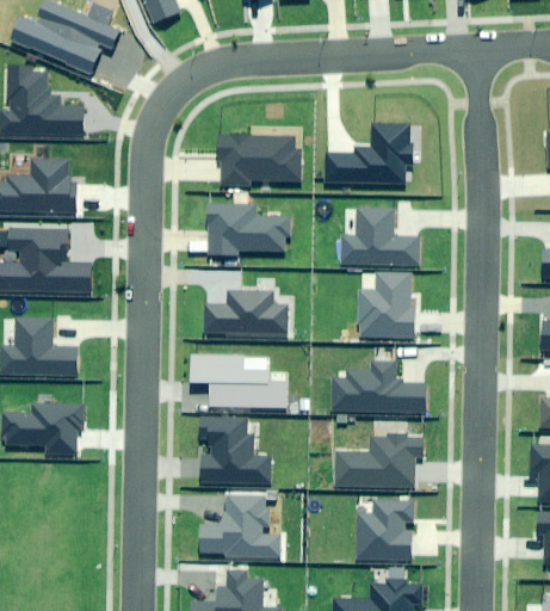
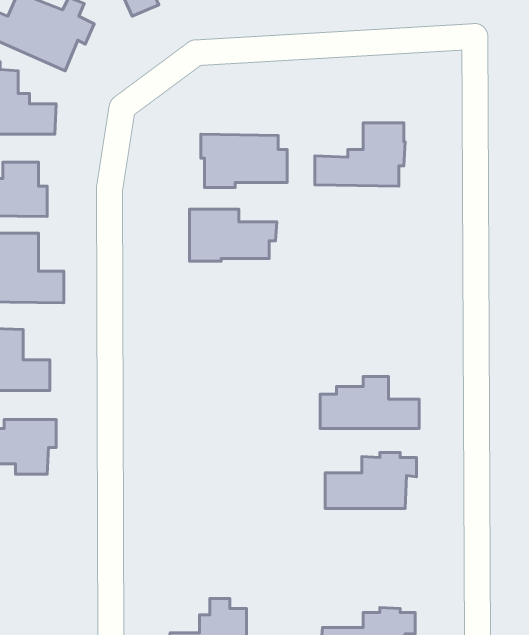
building: [341,208,416,264] -> none
building: [359,272,413,338] -> none
building: [204,290,286,334] -> none
building: [190,354,286,406] -> none
building: [199,415,270,483] -> none
building: [200,495,278,557] -> none
building: [357,501,412,560] -> none

